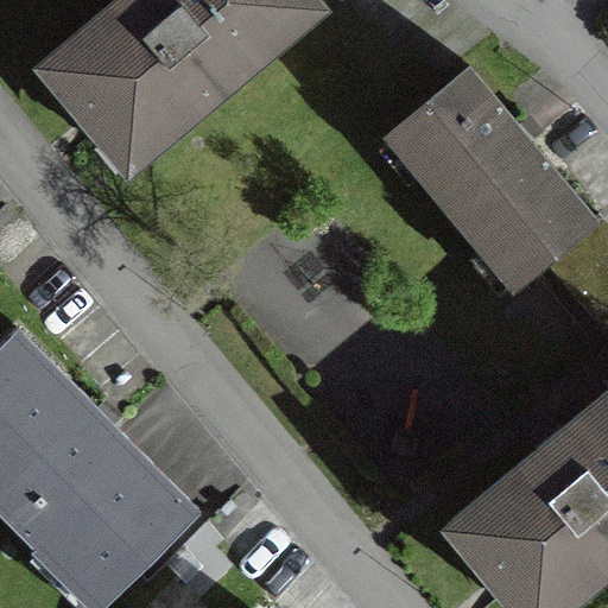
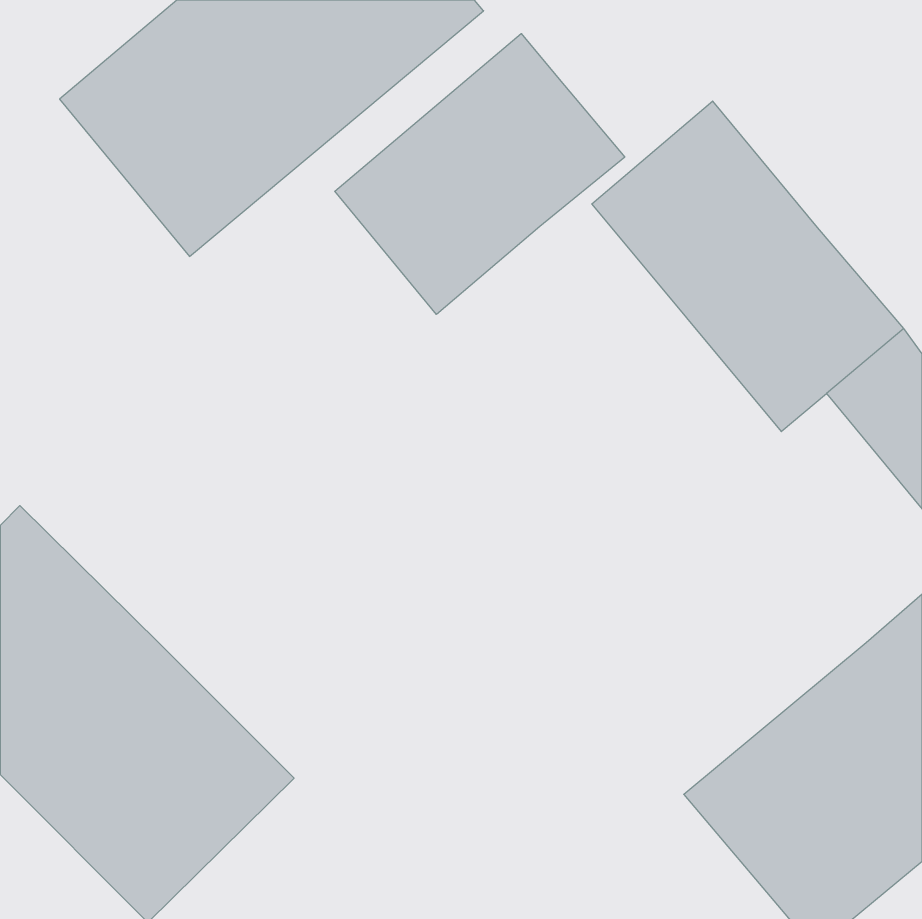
building: none -> [335,34,625,314]

